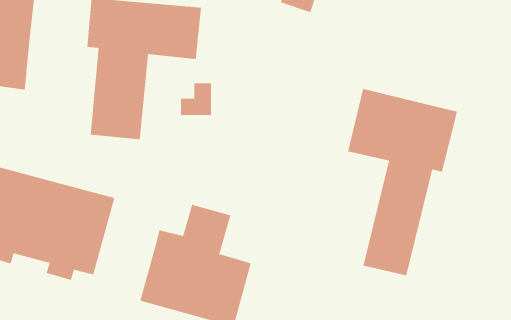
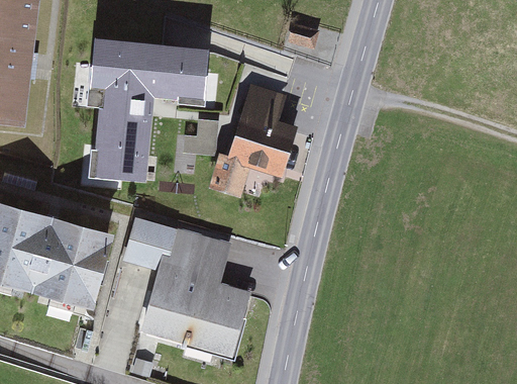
building: none -> [207,88,299,199]
building: [347,88,457,276] -> none
building: none -> [123,222,178,275]

